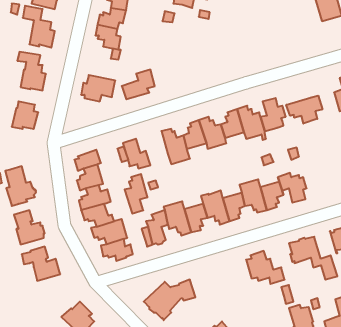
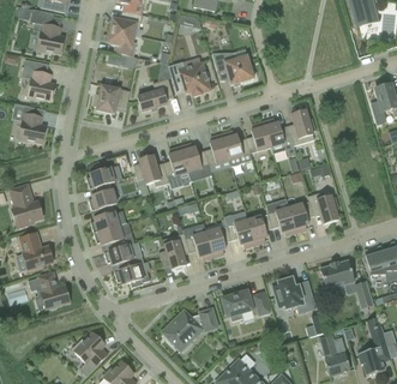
building: none -> [212,52,254,84]
building: none -> [169,61,211,96]
building: [286,96,322,124] -> none
building: [125,174,148,214] -> [163,145,188,188]
building: none -> [222,289,270,320]

